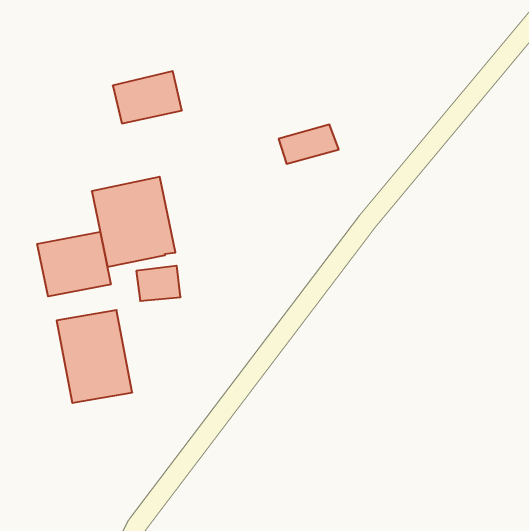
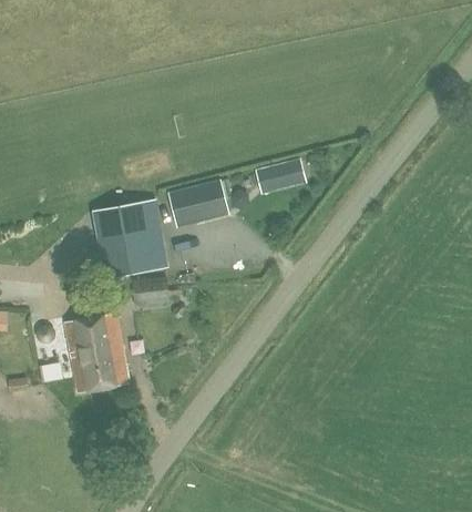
building: [113,71,182,123] -> [170,182,228,226]
building: [37,232,111,296] -> none

